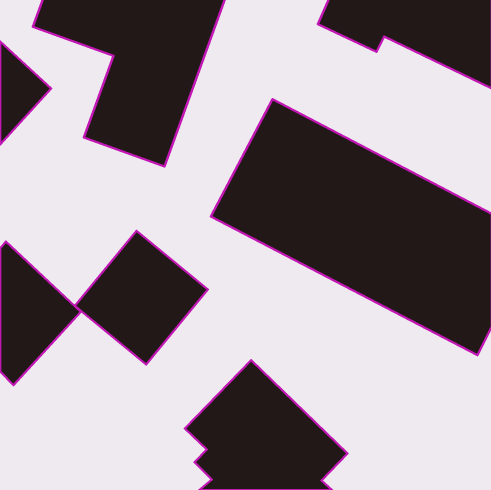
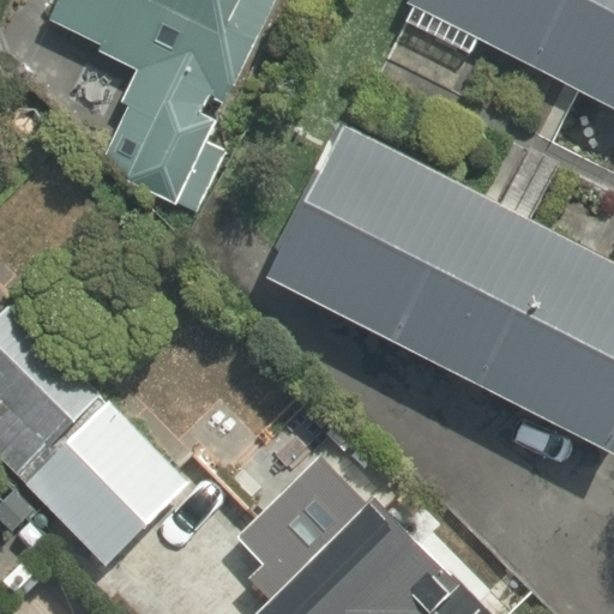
building: [75,231,208,365] -> [18,403,183,570]

